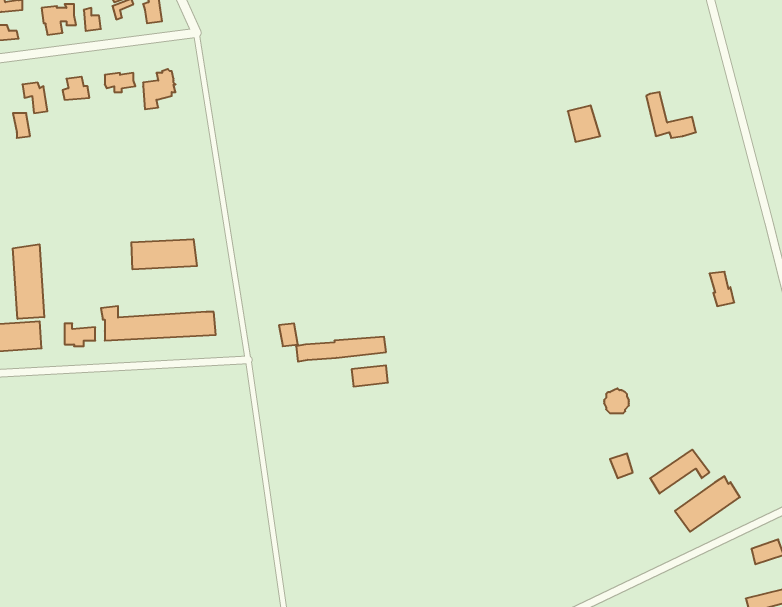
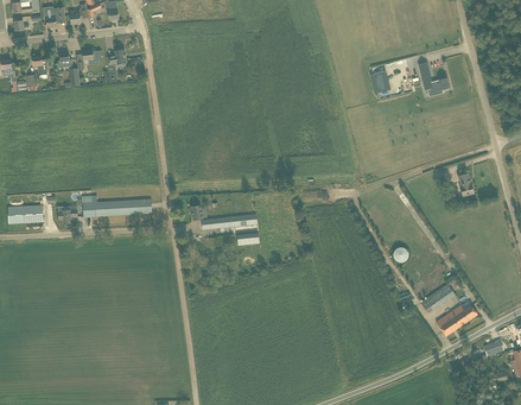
building: [131,239,197,269] -> none
building: [13,244,44,319] -> none

